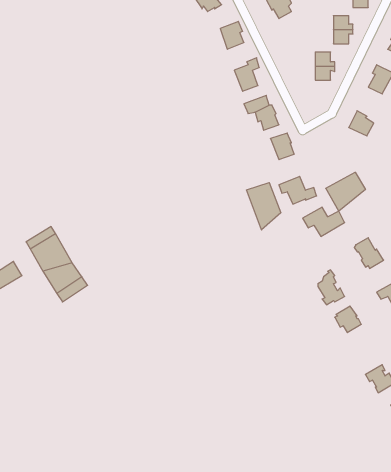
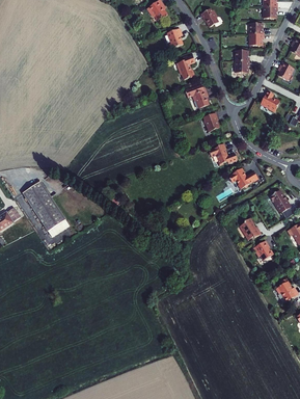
building: [326,172,365,211] -> none
building: [247,183,281,230] -> none

